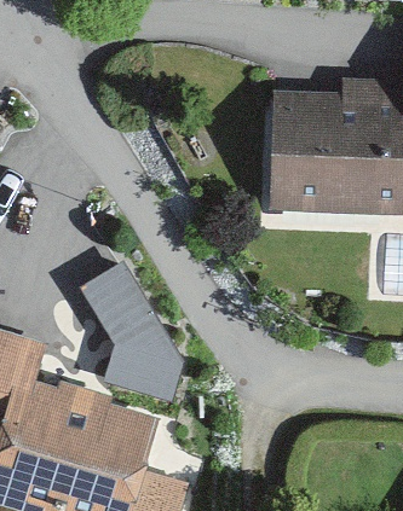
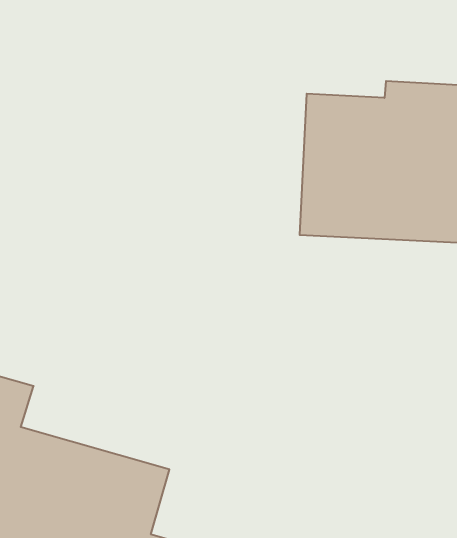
building: [82,260,192,394] -> none

